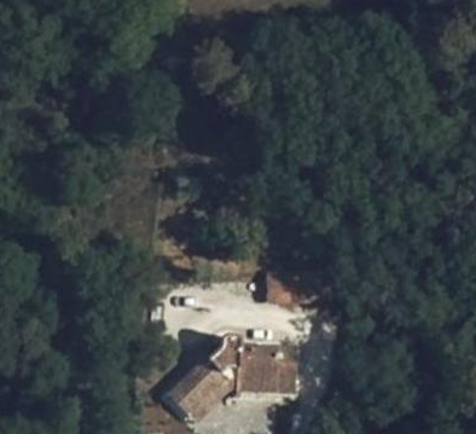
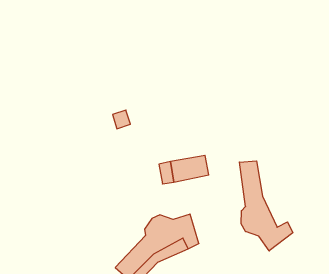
building: none -> [239,161,293,251]

